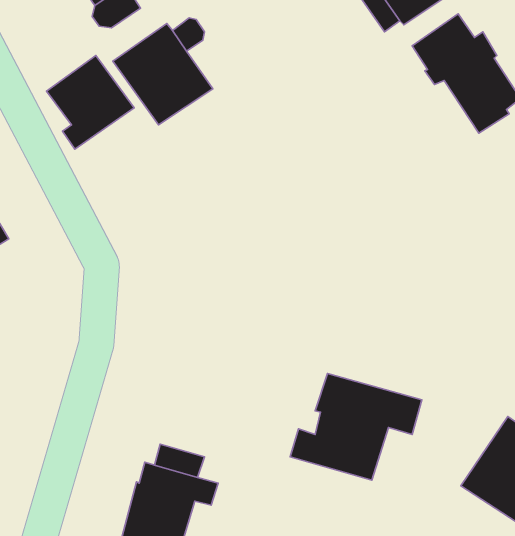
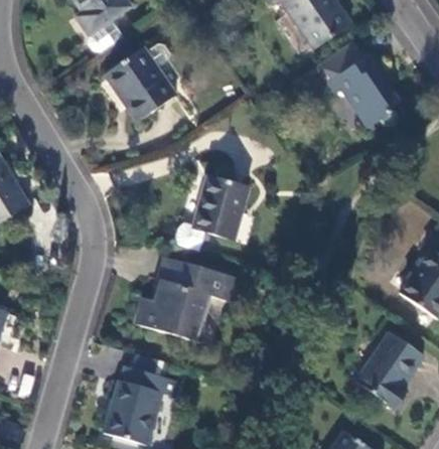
building: [46,55,134,149] -> none
building: none -> [175,176,248,251]
building: [290,373,422,480] -> [138,263,234,340]

